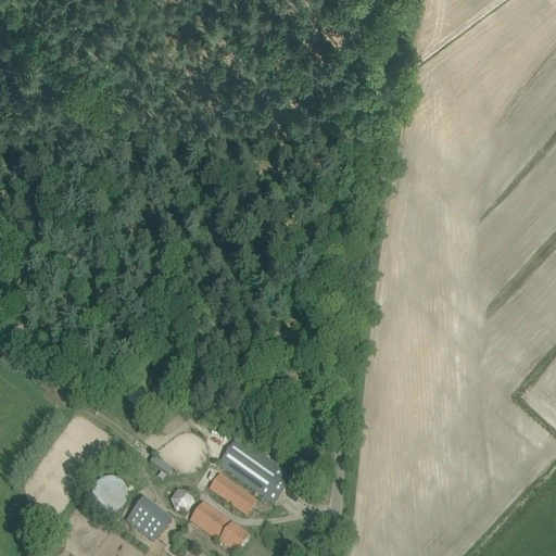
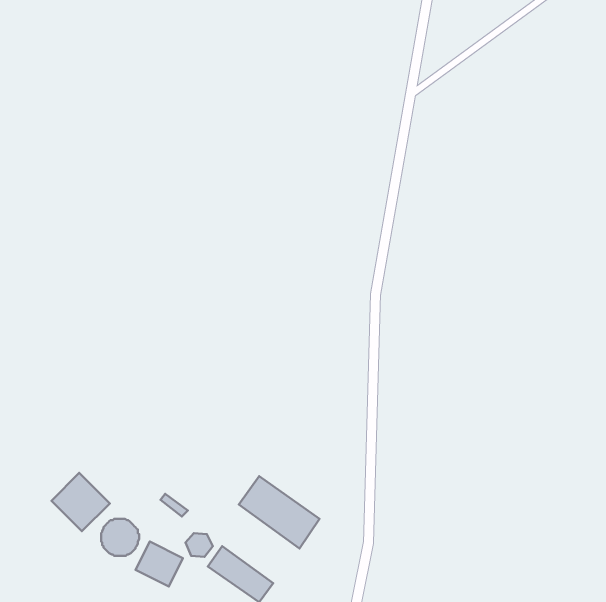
building: none -> [51,473,110,531]
building: [210,471,256,513] -> none

